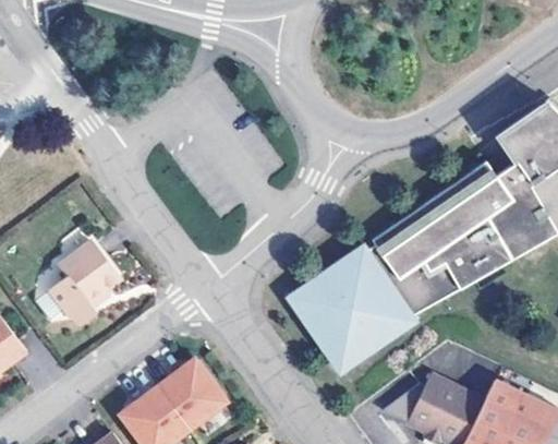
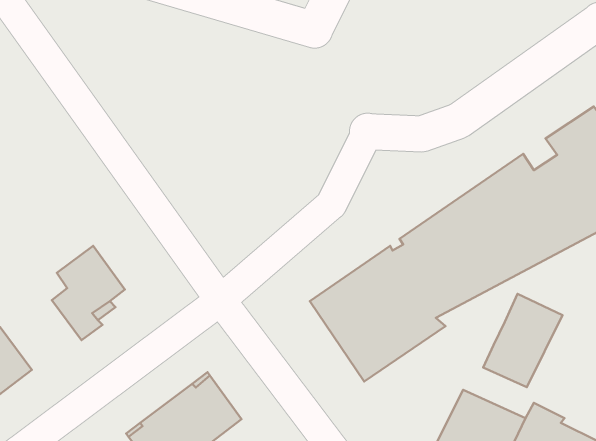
building: none -> [483,294,562,387]

